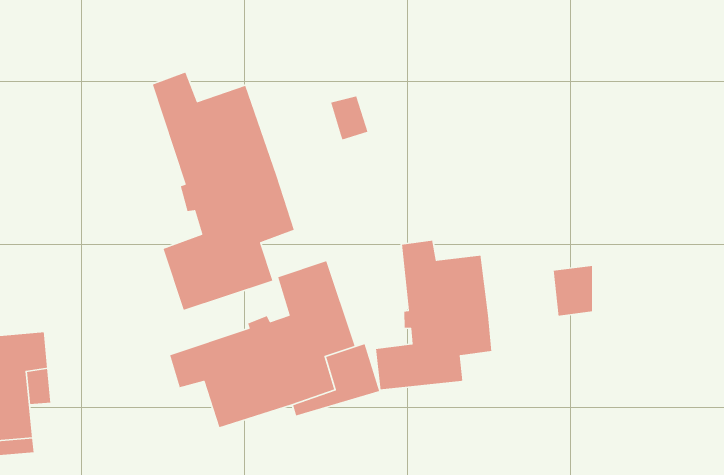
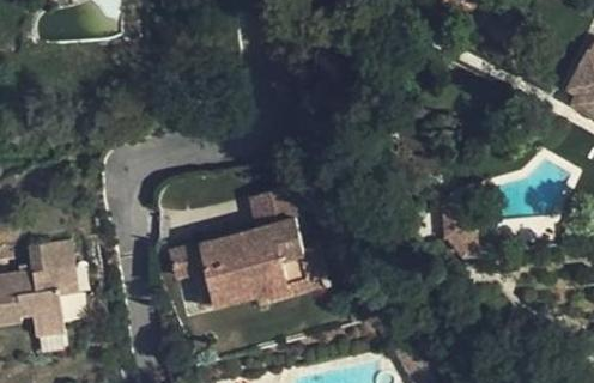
building: [152,71,295,311] -> none
building: [375,240,492,390] -> none

